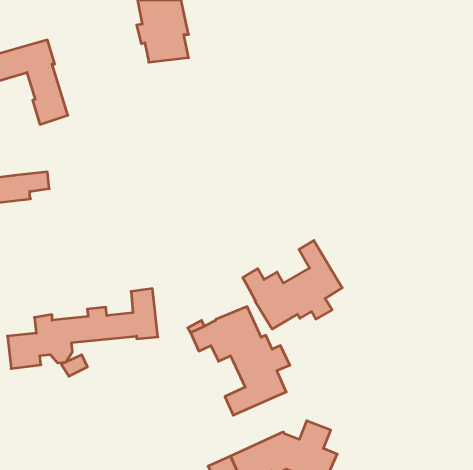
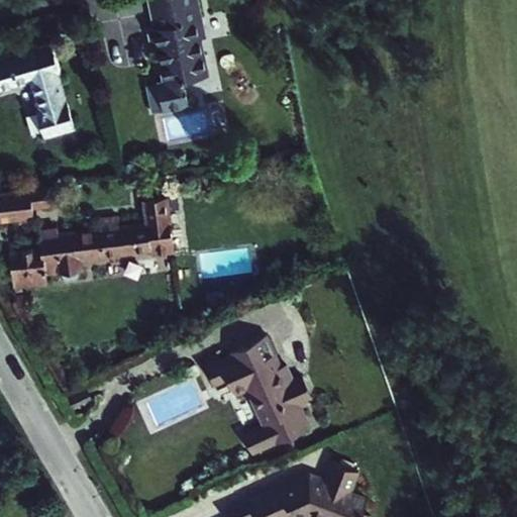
building: none -> [146,68,208,116]
building: [243,240,342,329] -> none
building: [7,289,158,369] -> [10,204,174,291]

